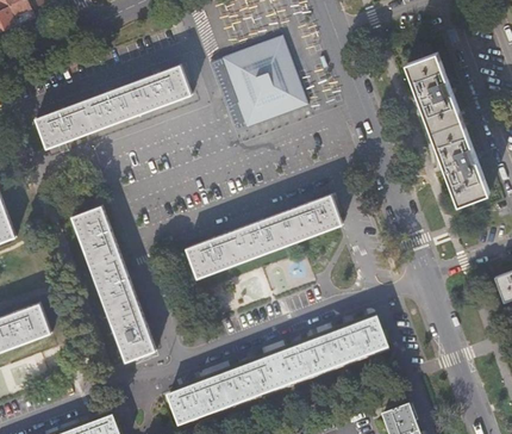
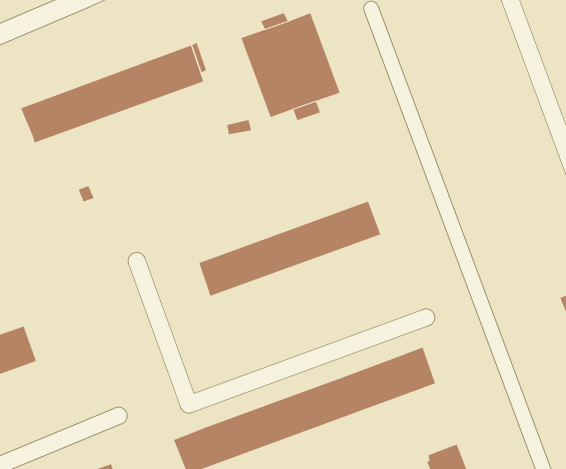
building: [401,50,485,200] -> none
building: [70,204,155,361] -> none

